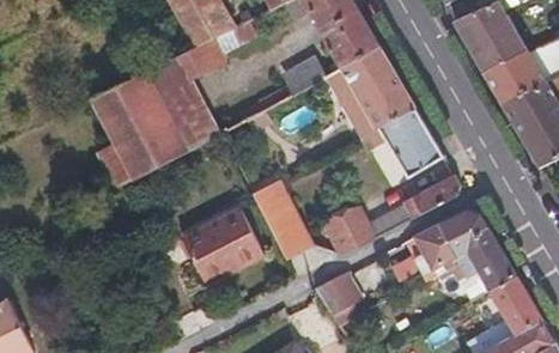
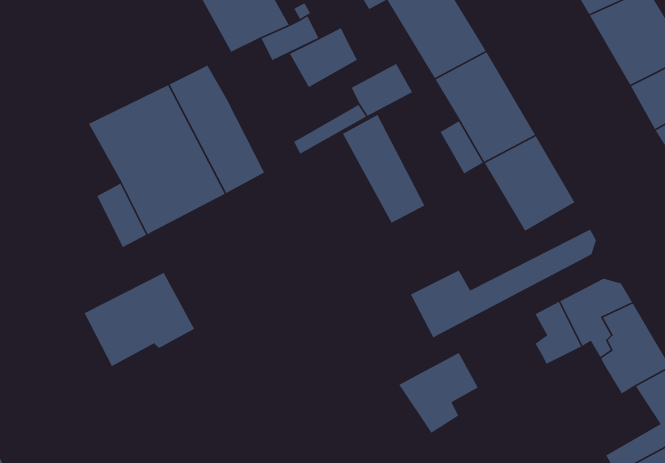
building: [176,36,226,80] -> [289,27,358,88]
building: [250,179,311,260] -> [342,114,426,224]
building: [181,209,262,279] -> [84,272,195,367]

